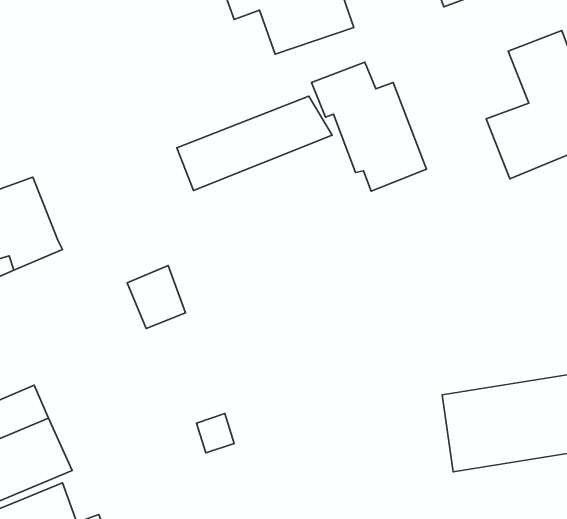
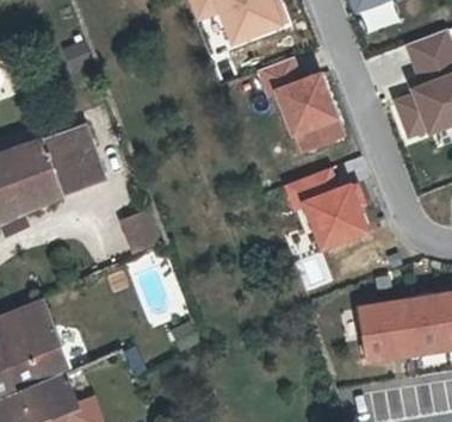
building: [177,96,332,191] -> none
building: none -> [44,128,103,190]
building: none -> [284,168,369,254]

